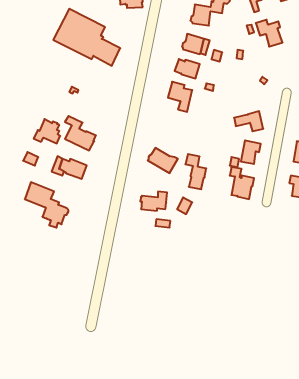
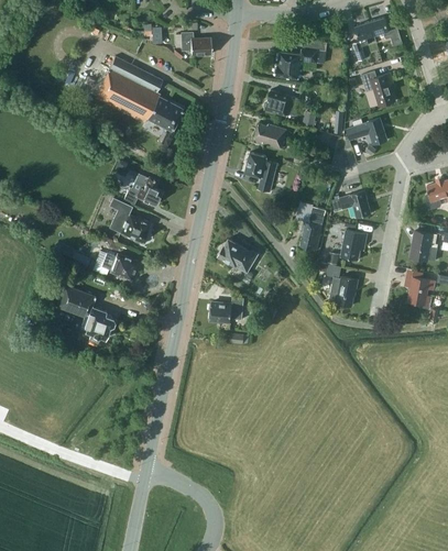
building: none -> [346,118,386,144]
building: [34,119,60,143] -> [123,173,159,205]
building: [185,154,206,189] -> [295,203,323,250]

